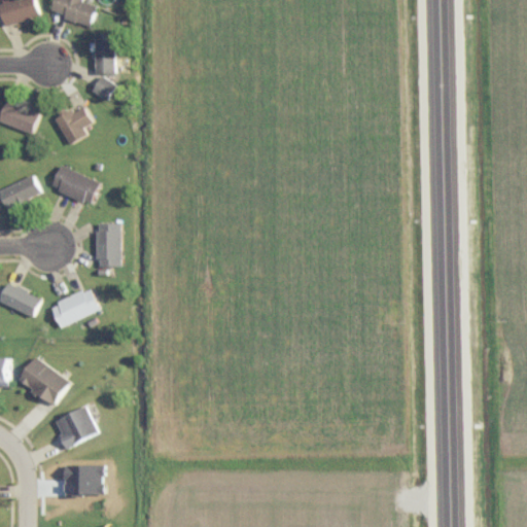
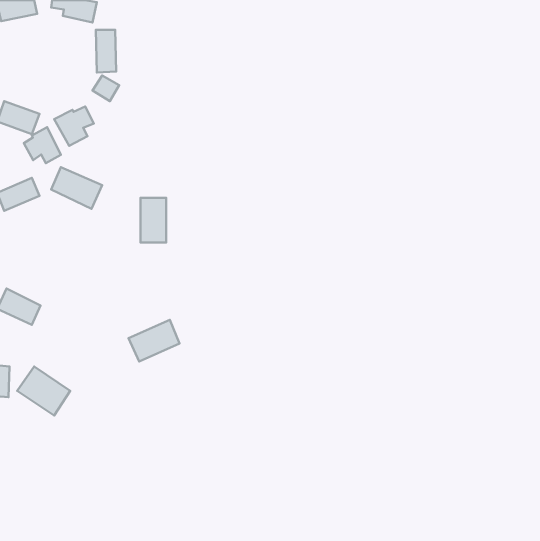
building: none -> [24,127,61,163]
building: [95,223,119,267] -> [141,198,166,242]
building: [48,287,98,327] -> [128,320,179,361]
building: [52,406,97,448] -> none
building: [63,464,103,495] -> none

